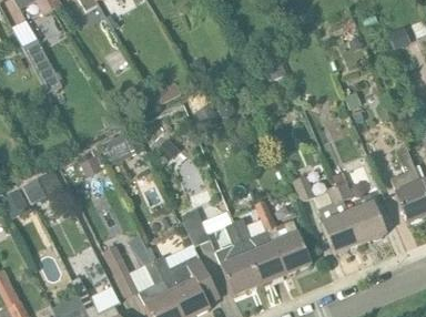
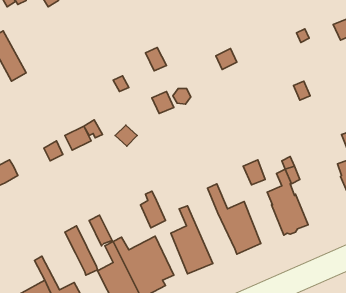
building: [347,193,386,243] -> none
building: [231,212,285,284] -> none

